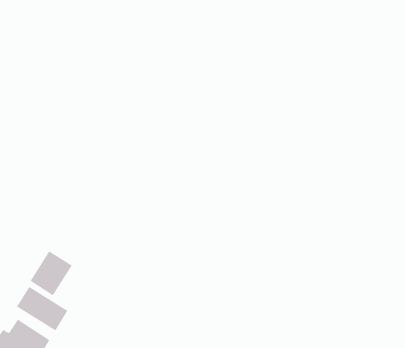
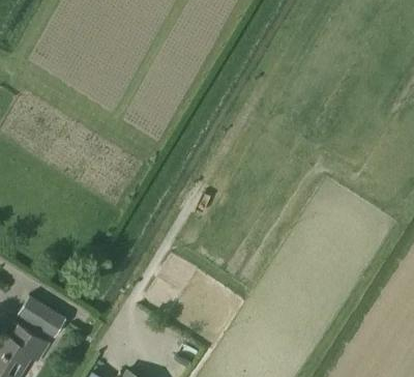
building: [30,250,72,296] -> none

